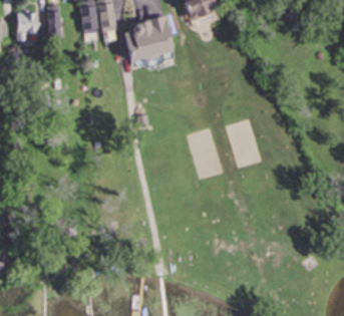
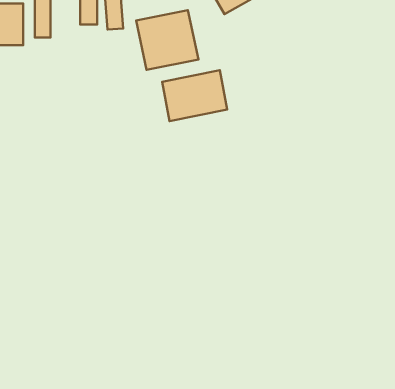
building: none -> [162,70,227,121]

